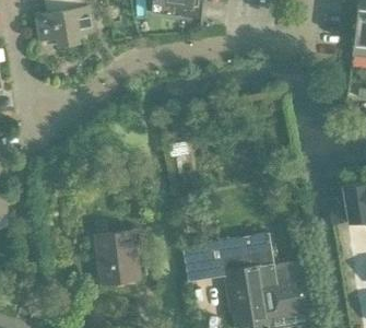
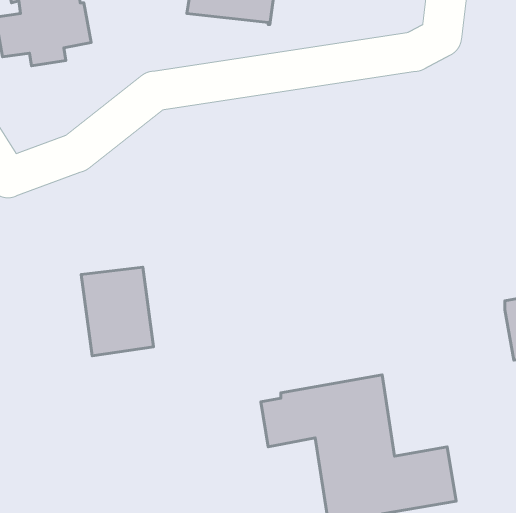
building: [96,230,140,283] -> [81,267,154,356]

